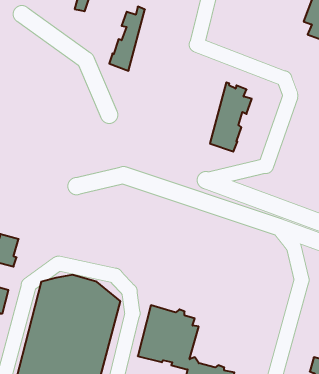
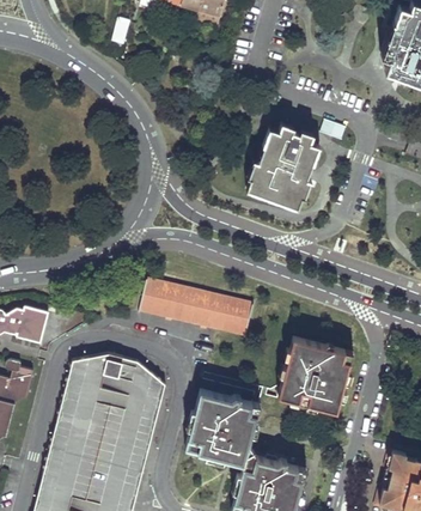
building: [109,7,145,71] -> [248,124,289,200]
building: none -> [140,280,254,336]
building: none -> [277,339,349,413]

